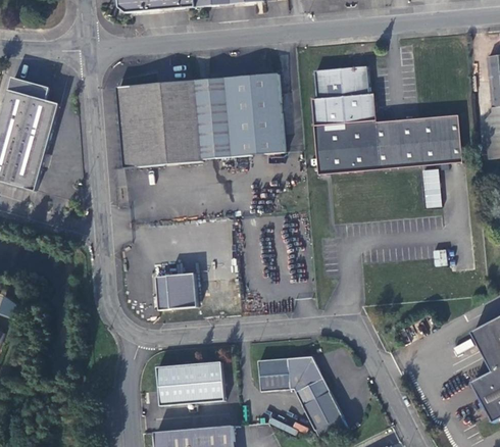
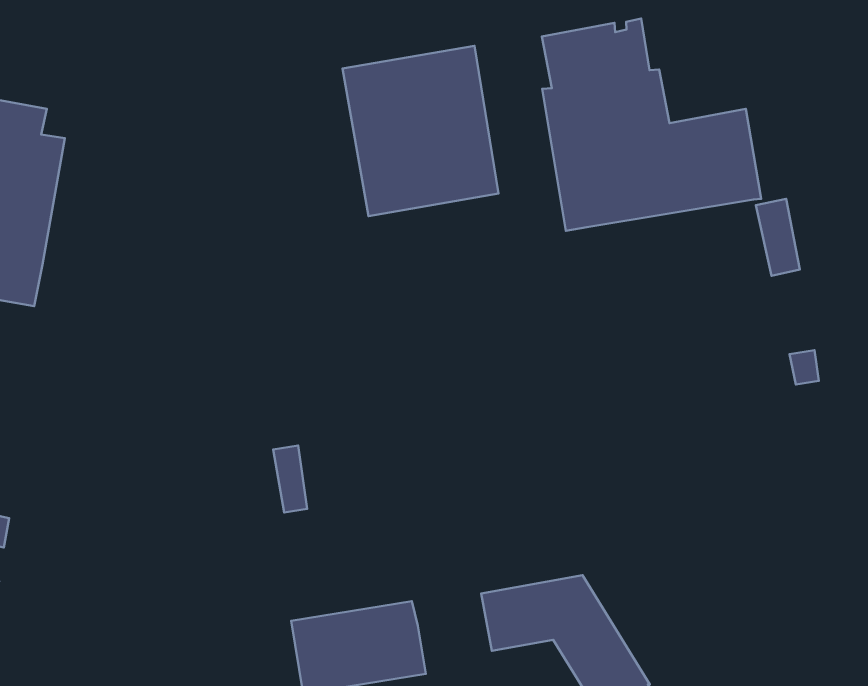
building: [117,79,214,167] -> none
building: [417,114,462,165] -> none
building: [167,272,197,308] -> none

